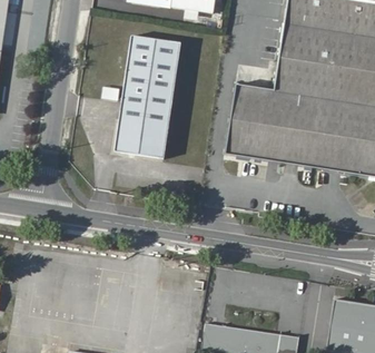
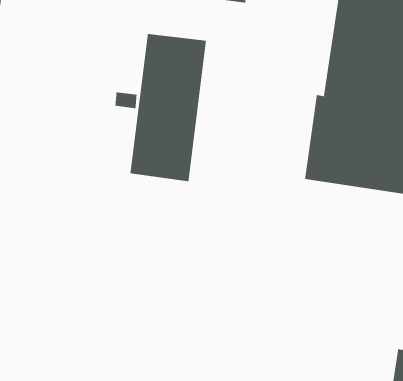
building: [224,82,267,157] -> none

